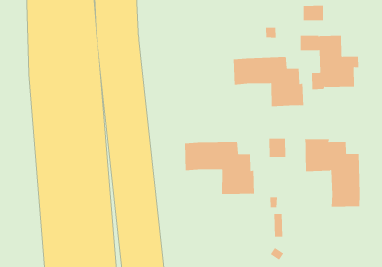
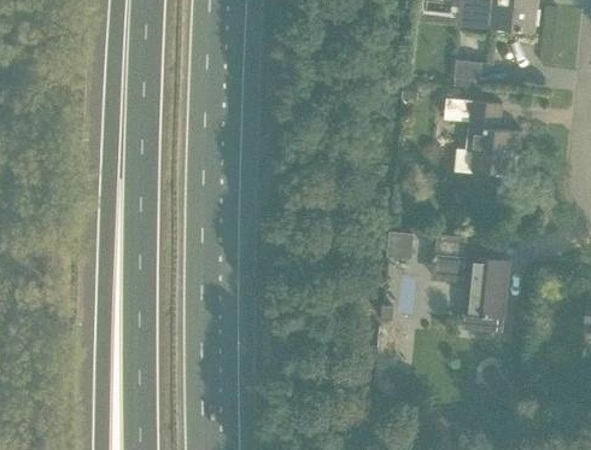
building: [233,56,304,107] -> none
building: [184,141,255,195] -> none

